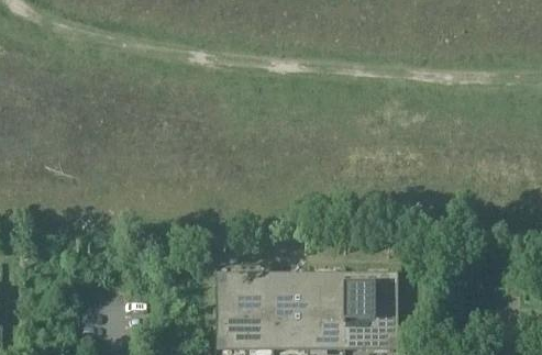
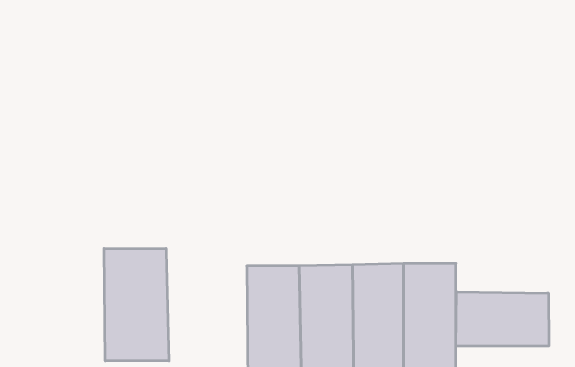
building: none -> [104,248,169,361]
building: none -> [456,292,549,346]

